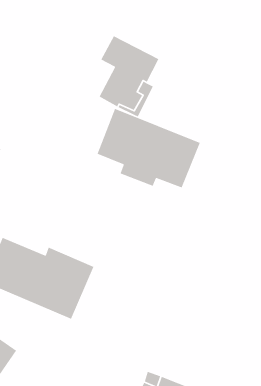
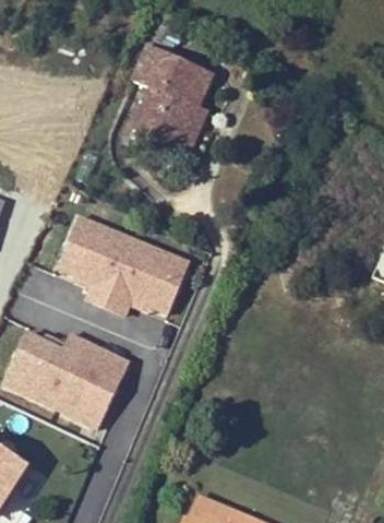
building: [96,108,201,189] -> [52,213,191,320]

